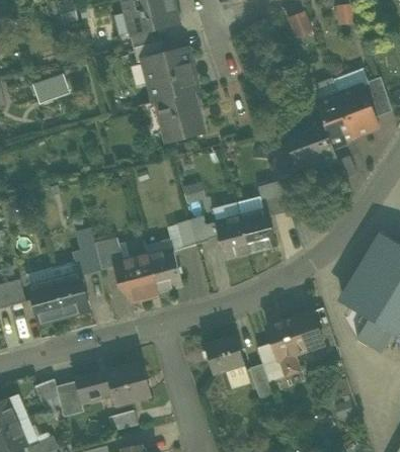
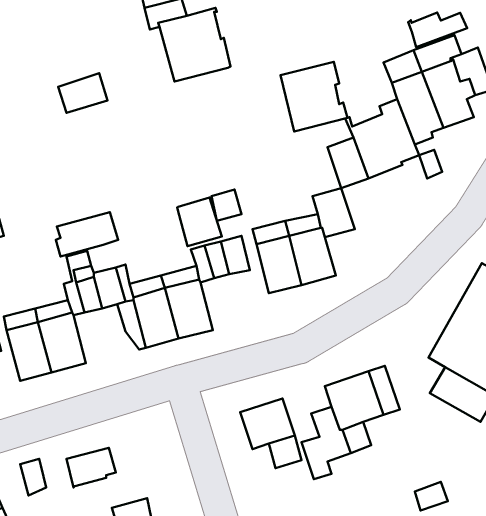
building: none -> [408,12,467,47]
building: [32,77,69,106] -> [58,73,107,113]
building: [155,92,205,144] -> [280,62,347,131]
building: none -> [177,198,222,246]
building: none -> [56,212,118,256]
building: [106,363,150,405] -> none
building: [56,381,83,417] -> none

